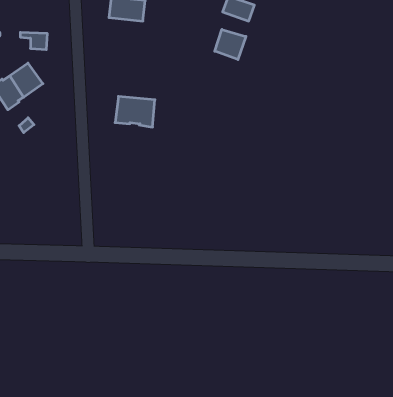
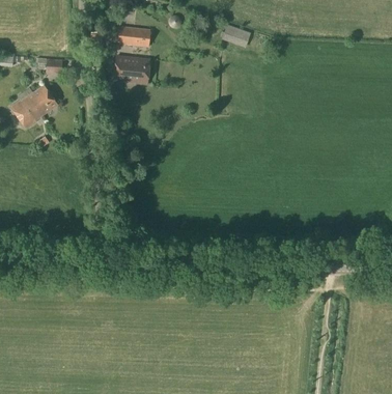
building: [215,29,246,60] -> none
building: [115,96,155,127] -> [113,56,149,84]

